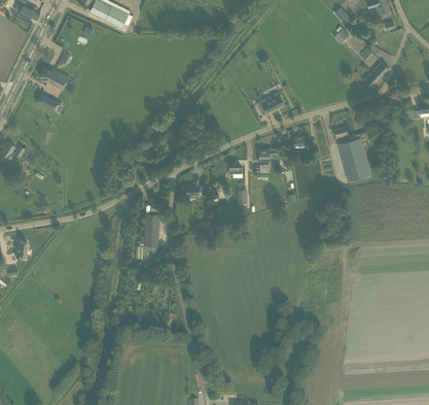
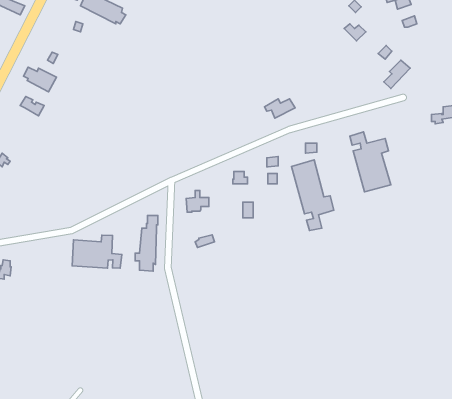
building: none -> [292,160,334,231]
building: none -> [72,235,122,268]

